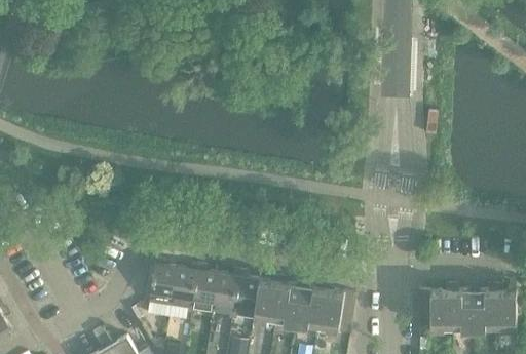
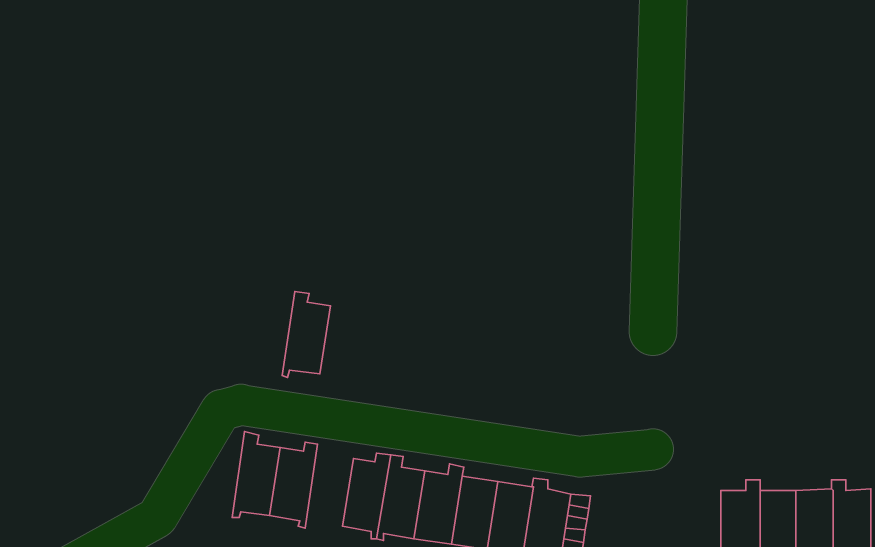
building: [191,264,219,313] -> [282,292,330,377]

